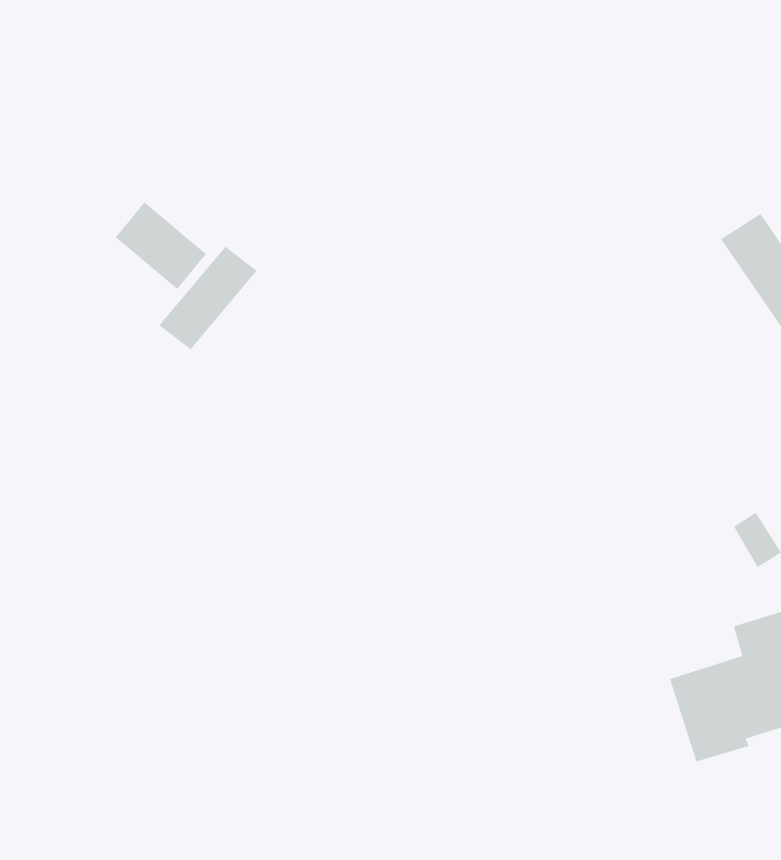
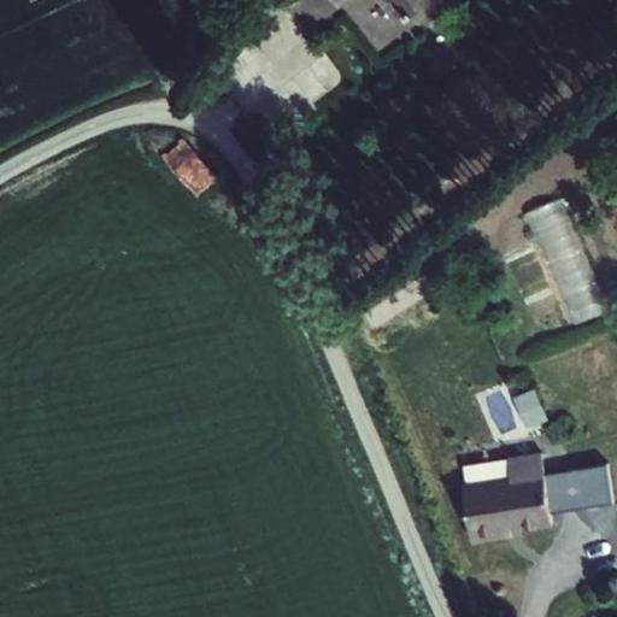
building: [158,246,257,350] -> none

